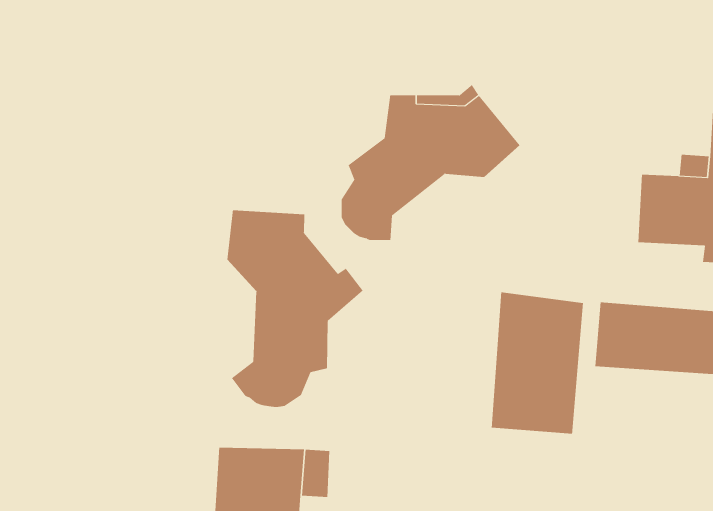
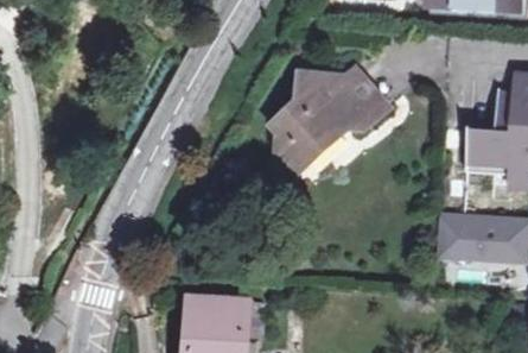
building: [227,209,364,408] -> none
building: [491,292,583,435] -> none

